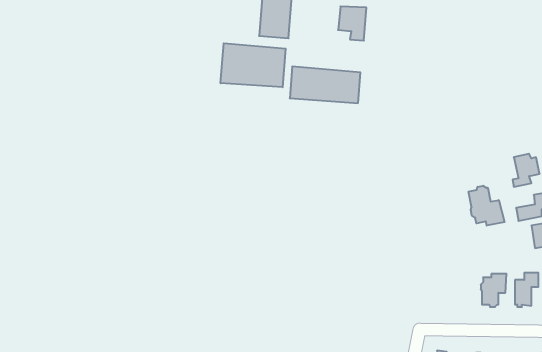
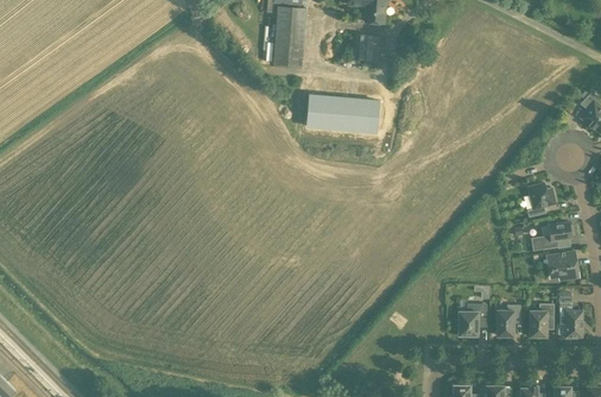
building: [221,43,286,87] -> none
building: [469,186,505,226] -> none
building: none -> [455,304,486,335]

